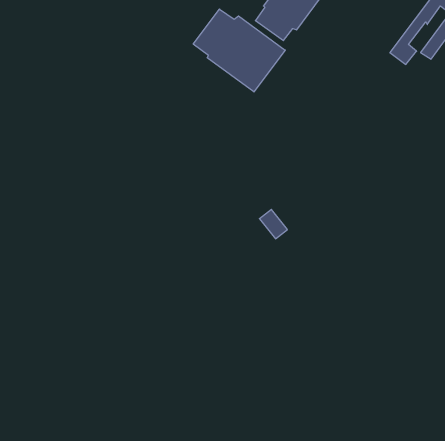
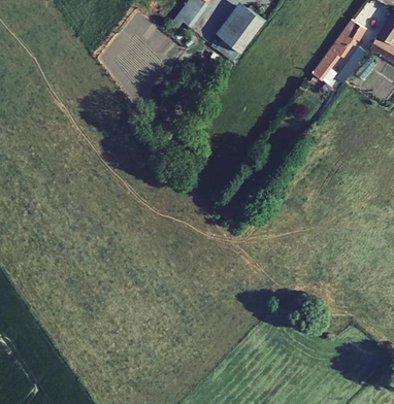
building: [193,9,285,92] -> none

